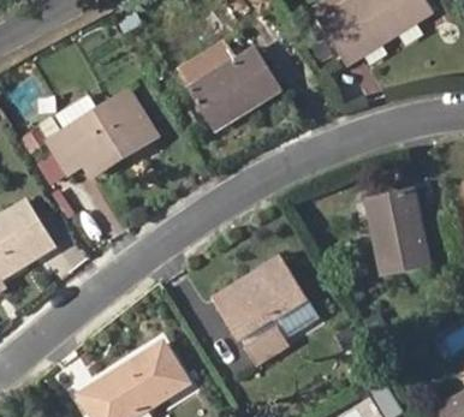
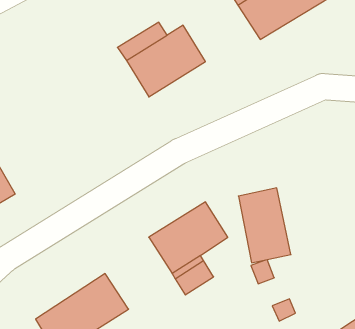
building: [46,89,159,179] -> none
building: [367,186,429,275] -> [238,188,291,263]

